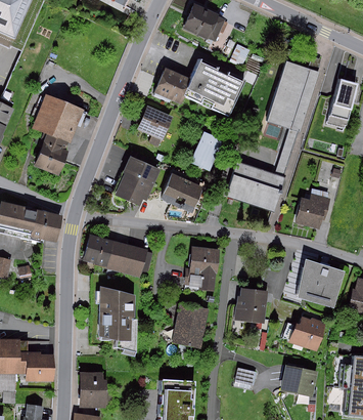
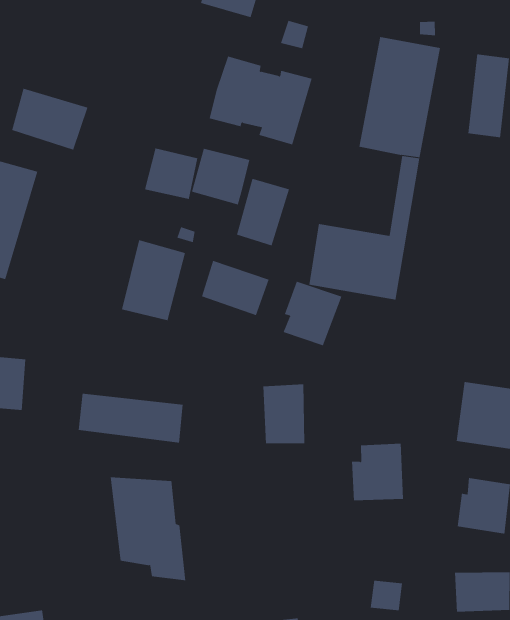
building: none -> [11,88,88,151]
building: [153,68,189,102] -> [191,148,250,205]
building: none -> [283,281,342,346]
building: [298,199,324,225] -> none
building: [175,304,208,344] -> none

